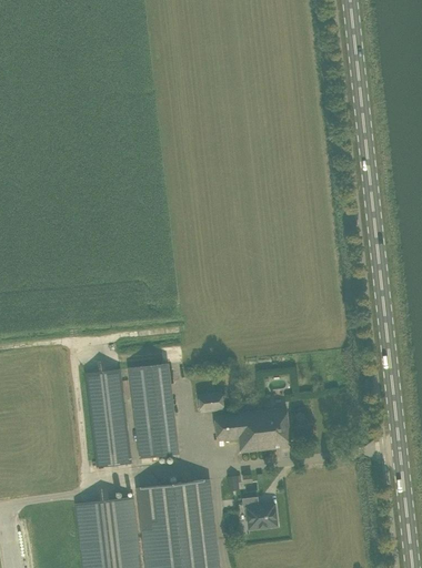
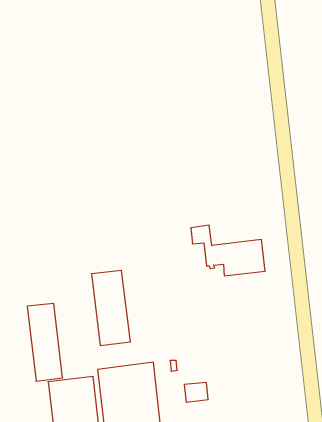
building: [86,369,130,467] -> [27,303,63,381]
building: [197,389,290,453] -> [191,225,265,276]

